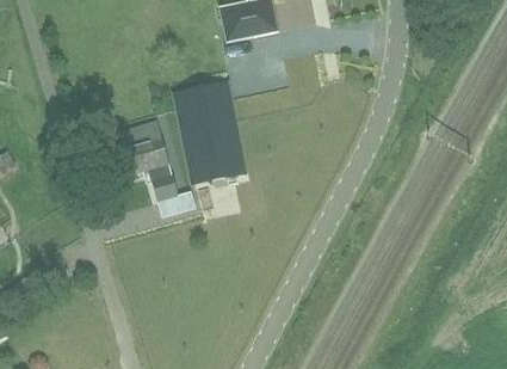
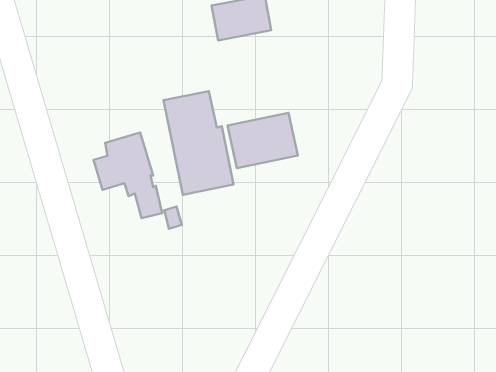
building: none -> [228,113,298,168]

